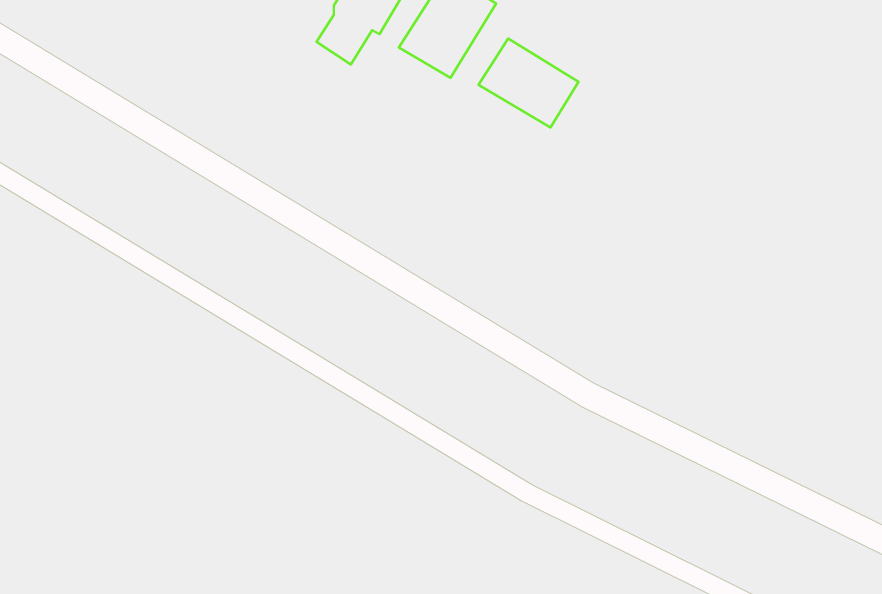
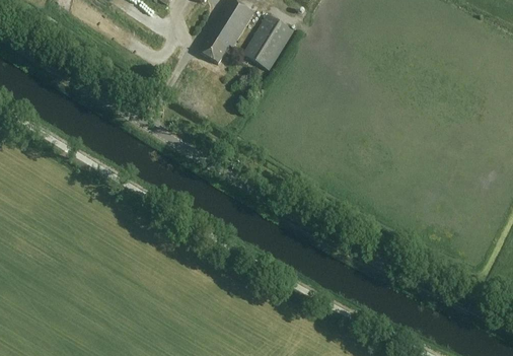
building: [478,38,579,127] -> none

